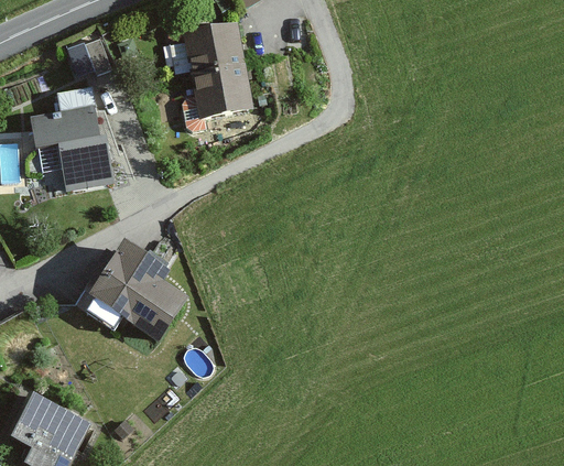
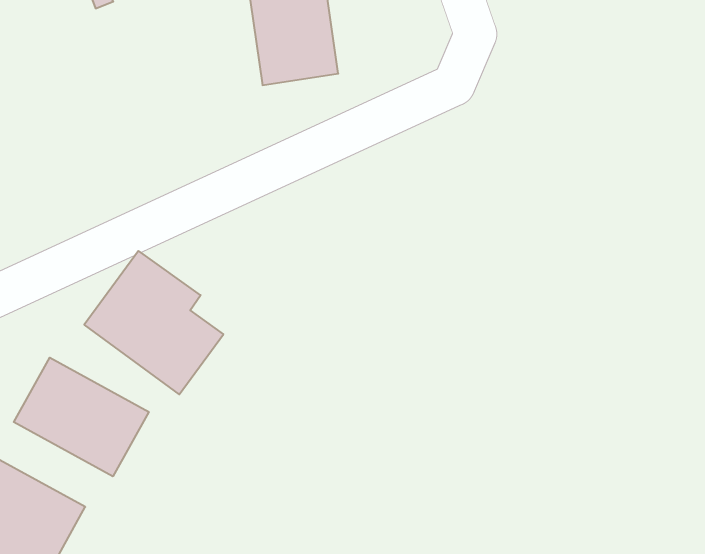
building: [31,87,113,187] -> none
building: none -> [14,358,149,476]

